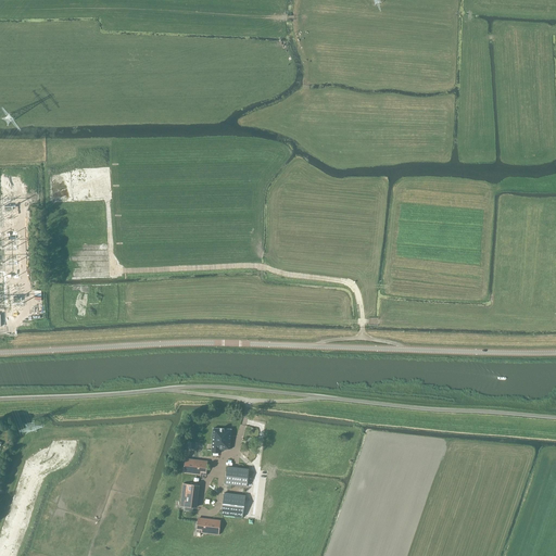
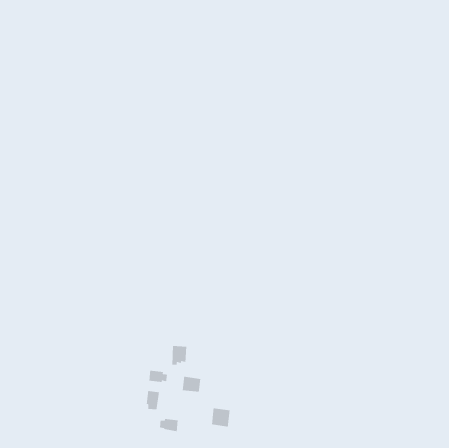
building: [222,492,245,517] -> [211,407,230,428]

